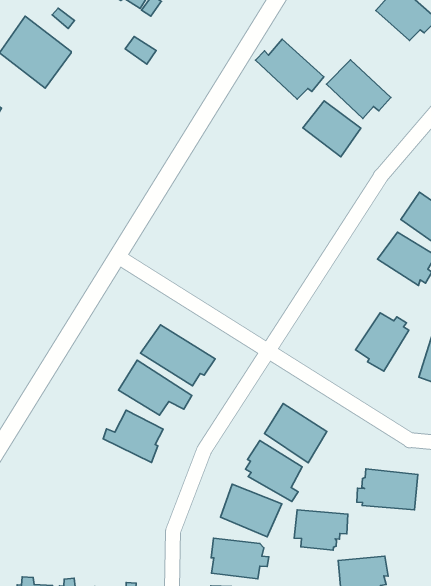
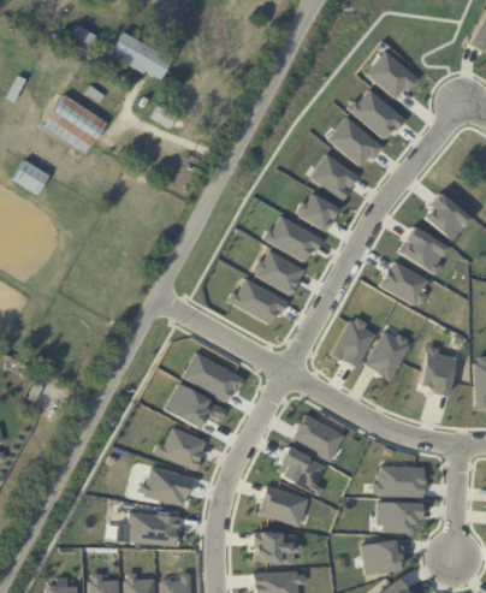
building: [256,39,324,99] -> [346,88,405,138]
building: none -> [296,192,337,231]
building: none -> [262,214,321,261]
building: none -> [254,249,303,295]
building: none -> [227,277,286,324]
building: none -> [331,316,375,368]
building: none -> [138,465,194,505]
building: none -> [125,511,179,546]
building: [294,510,348,550] -> [375,500,420,533]

